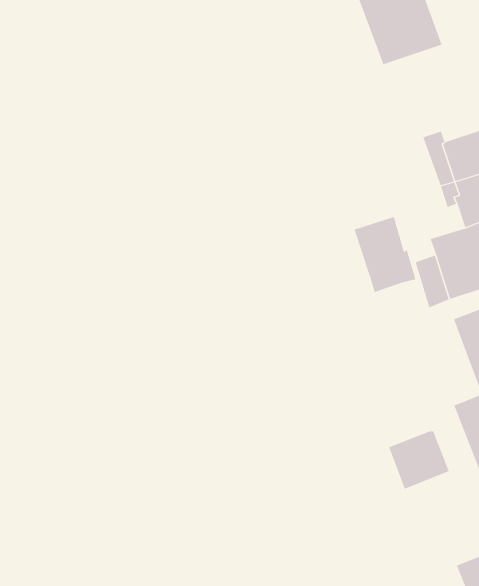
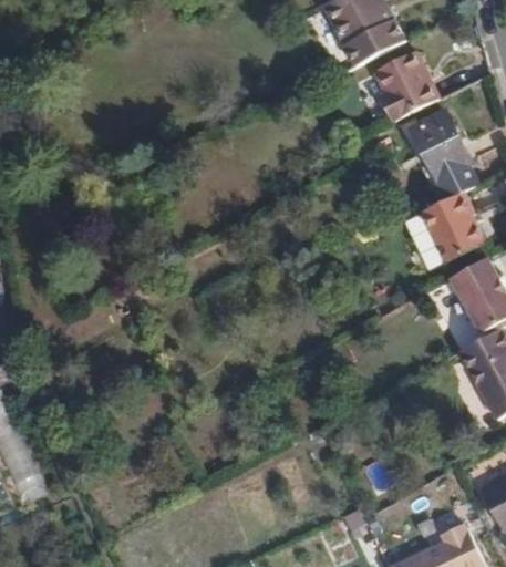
building: none -> [375,53,438,123]
building: [354,216,416,293] -> none
building: [388,431,449,490] -> none

